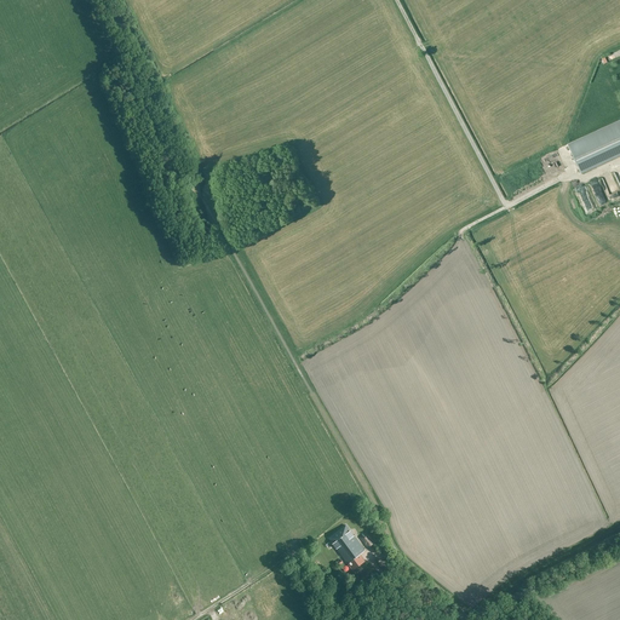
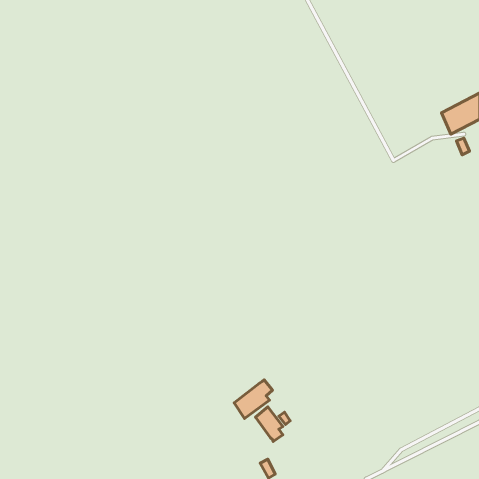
building: none -> [234,380,273,419]

